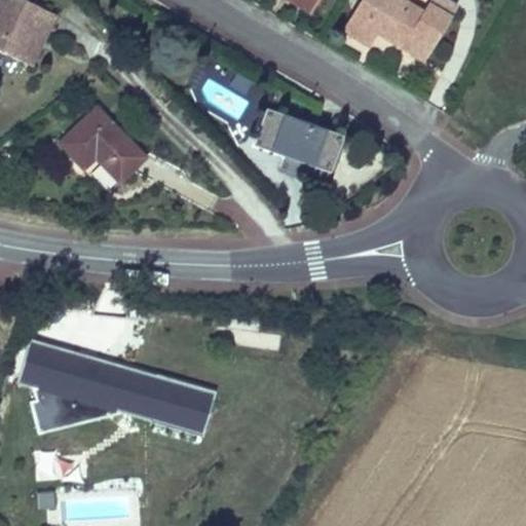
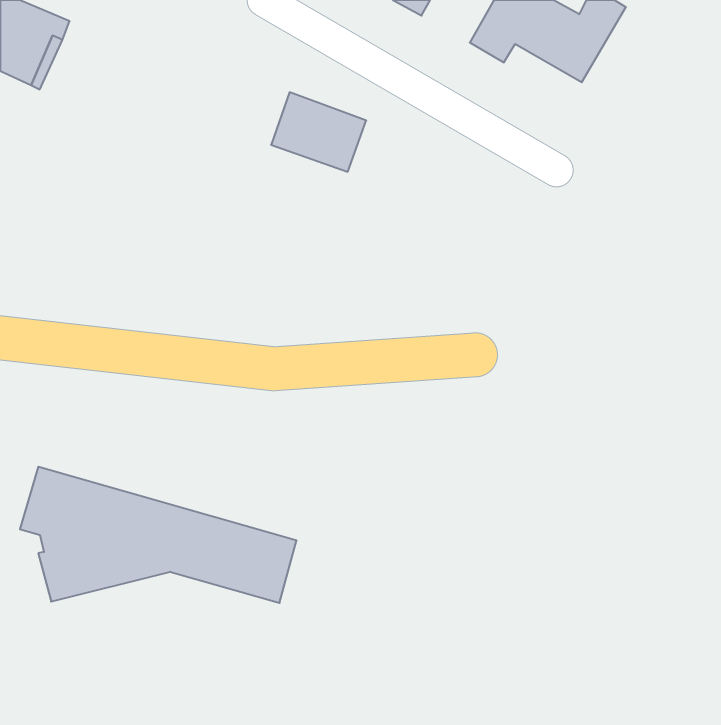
building: [58,106,146,183] -> none
building: [258,110,339,168] -> none

